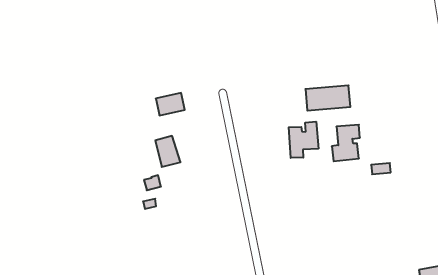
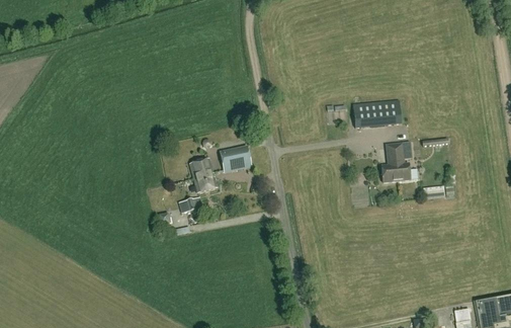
building: [156,93,185,115] -> [221,148,252,172]
building: [289,122,318,158] -> none

